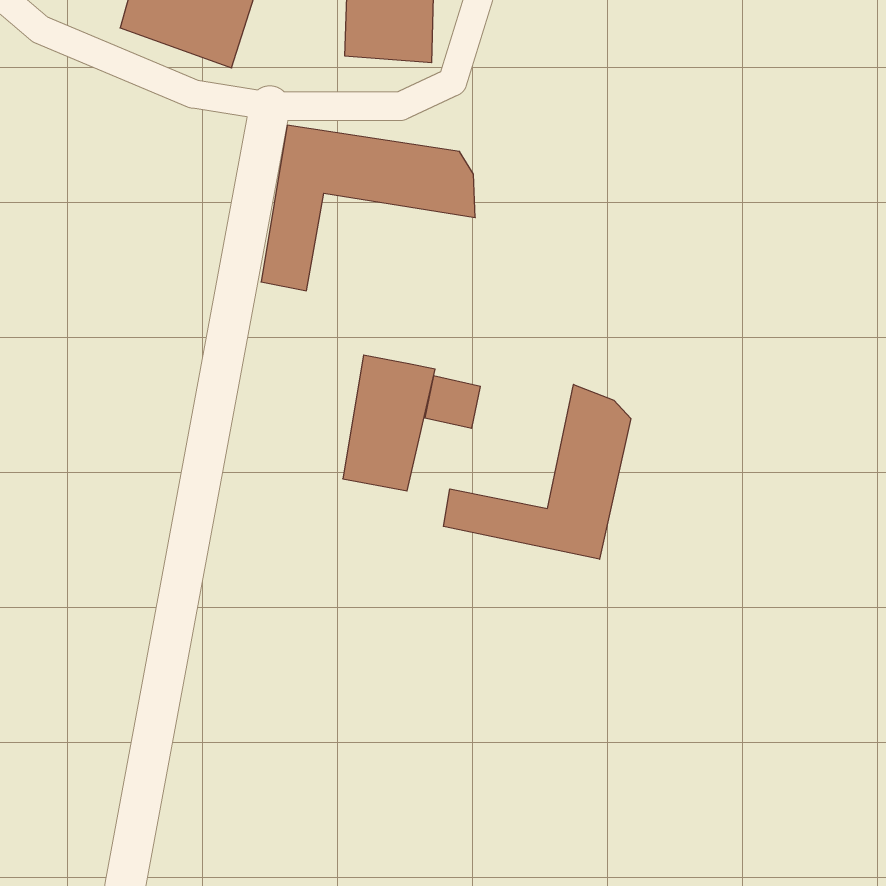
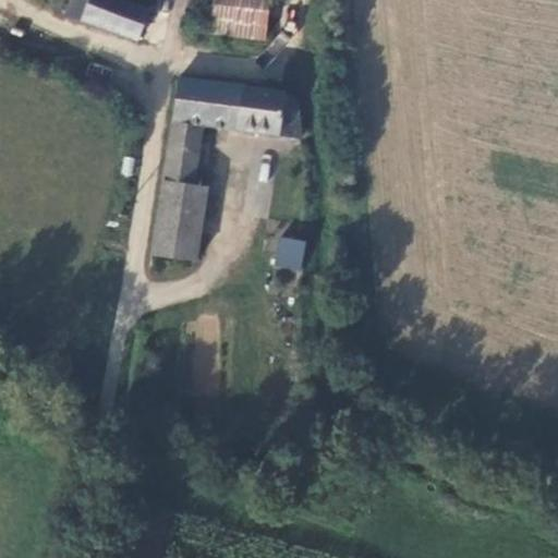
building: [343,355,435,491] -> [150,177,208,262]
building: [443,384,631,559] -> none

